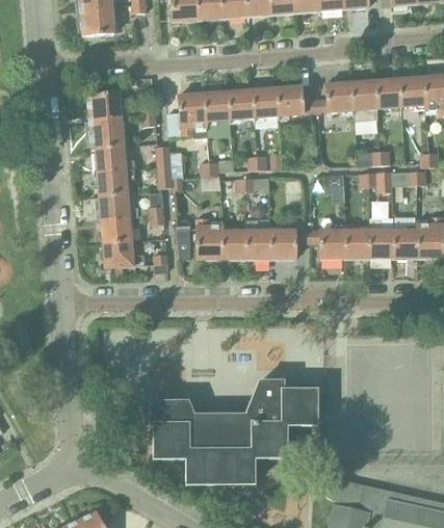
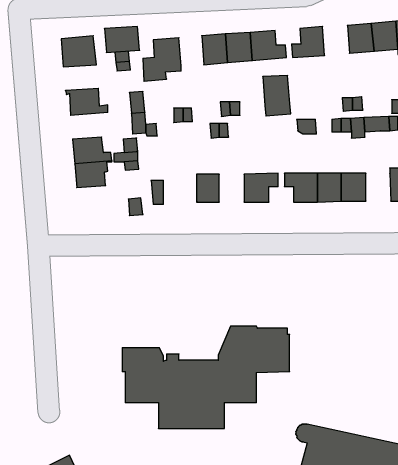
building: [350,80,378,121] -> [263,76,291,116]
building: [206,90,231,121] -> none
building: [89,120,125,146] -> [104,27,140,52]
building: [97,167,135,194] -> none
building: [198,217,224,258] -> none
building: [246,219,271,258] -> none
building: [394,229,419,257] -> none
building: [103,241,146,267] -> none

